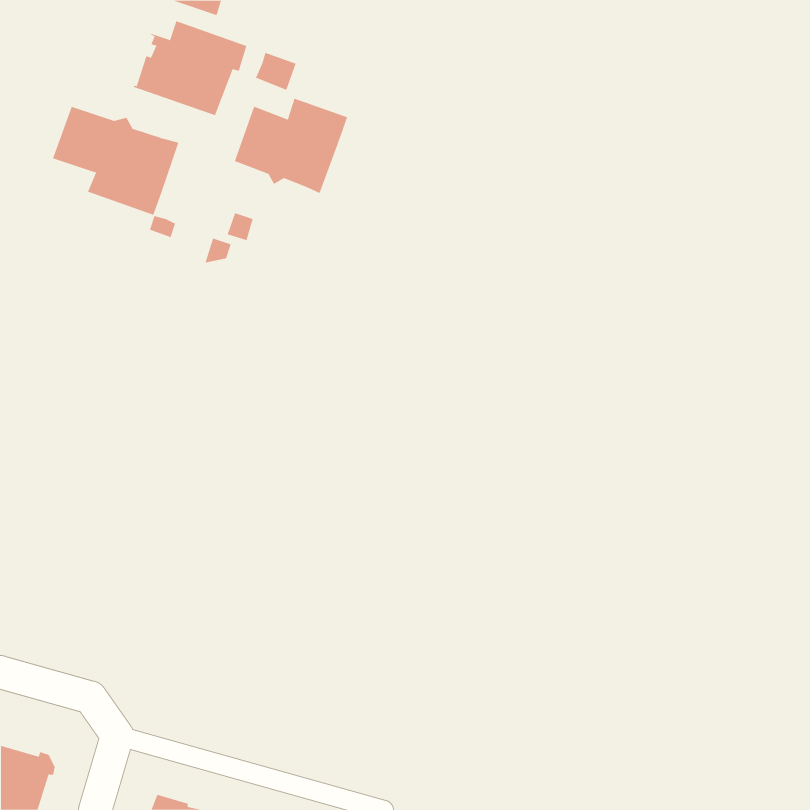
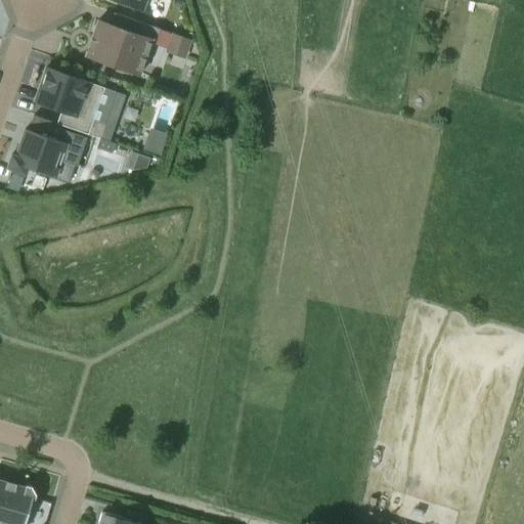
building: [234,98,348,194] -> none
building: none -> [7,129,85,178]

